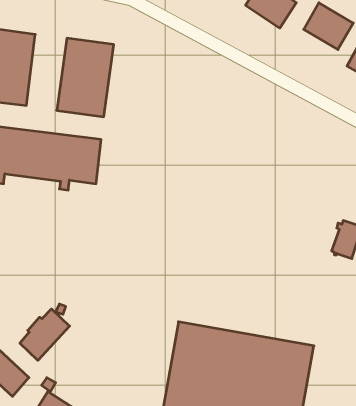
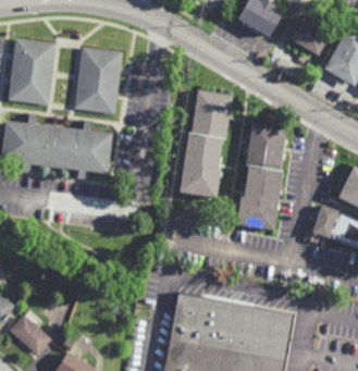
building: none -> [177,89,233,198]
building: none -> [233,122,286,228]
building: [20,309,70,360] -> none

